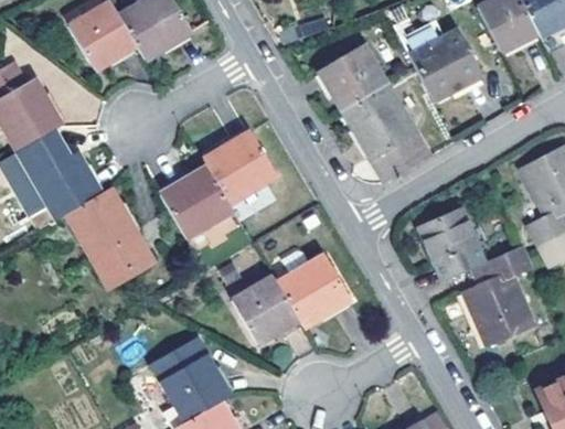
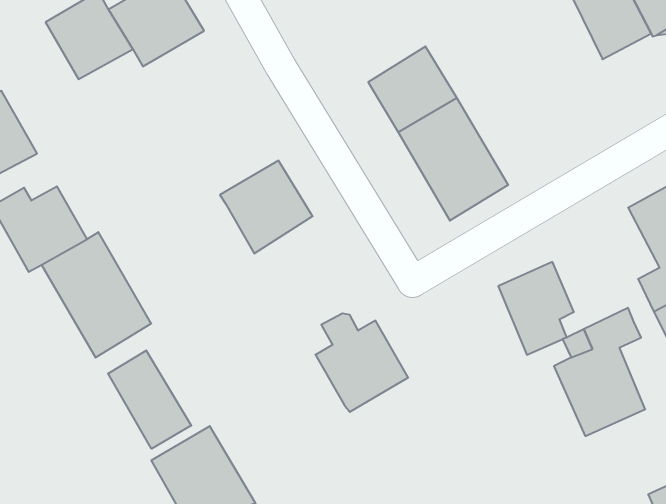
building: [408,31,481,101] -> none
building: [161,165,234,239] -> none
building: [233,276,300,344] -> none
building: none -> [108,350,191,449]

